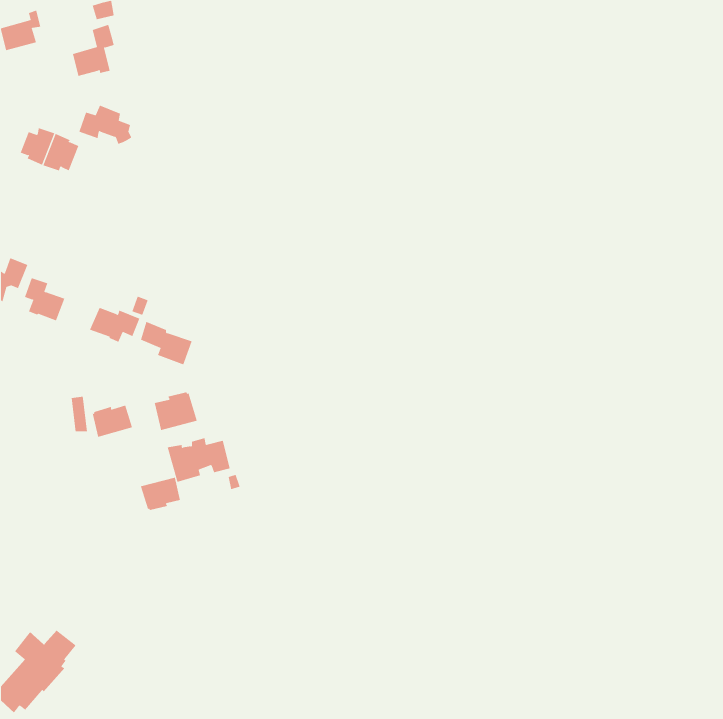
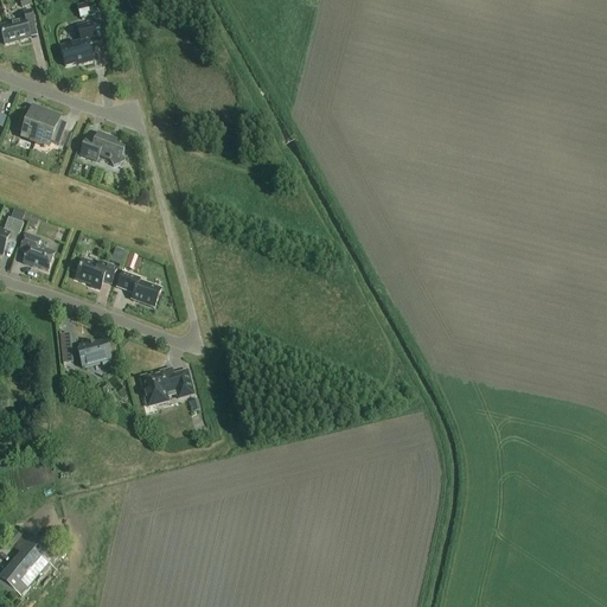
building: [78,105,132,144] -> [81,132,126,165]
building: [154,392,197,431] -> none
building: [140,477,181,511] -> none

